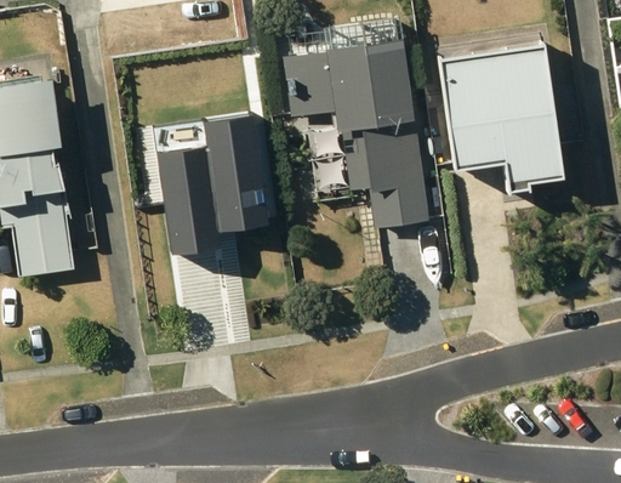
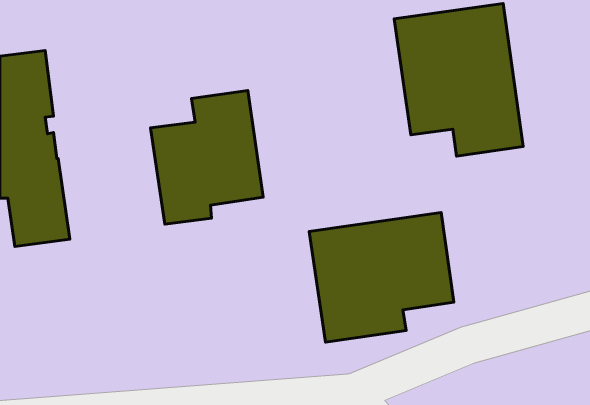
building: [283,40,428,228] -> none
building: none -> [309,212,454,342]

